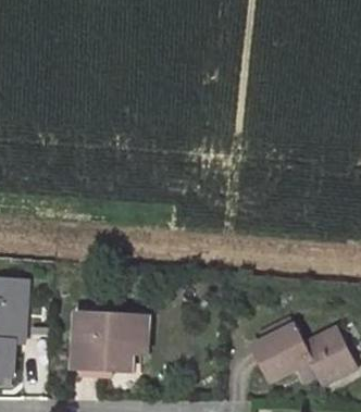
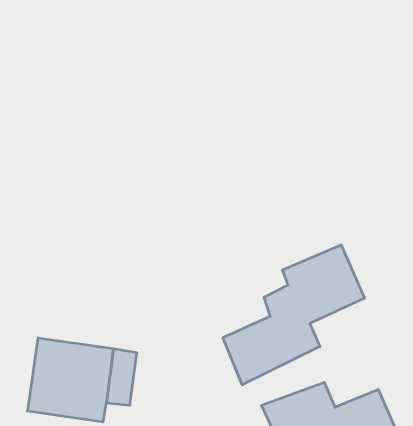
building: none -> [223,245,365,385]

